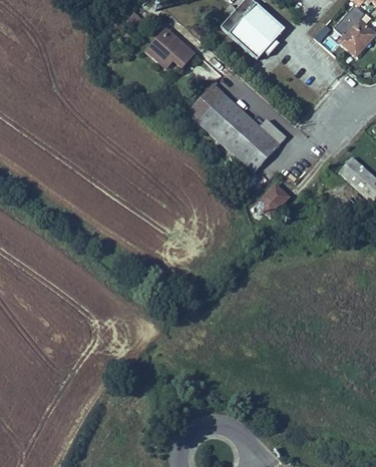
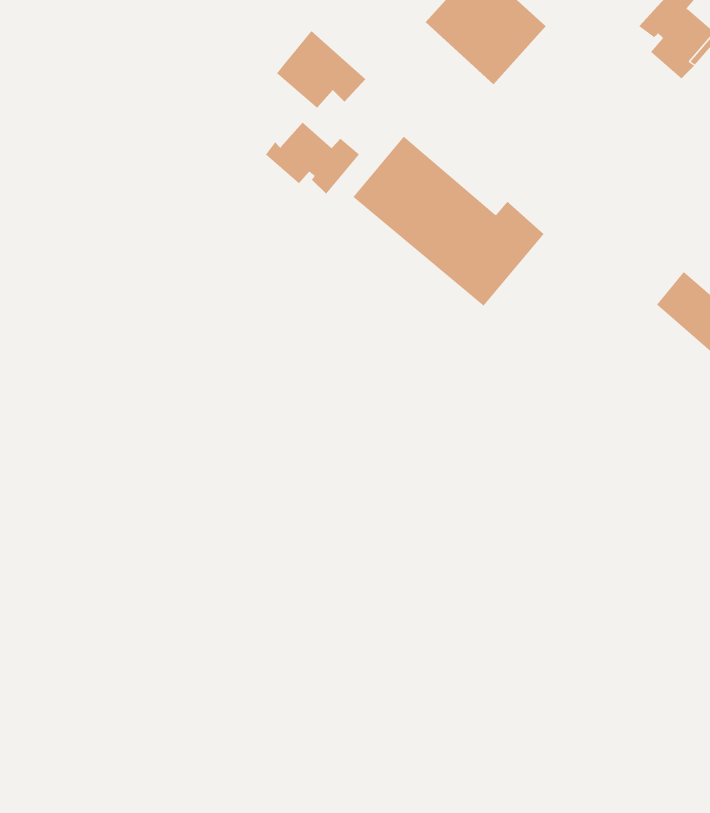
building: none -> [265,122,360,195]
building: [258,189,289,220] -> none

